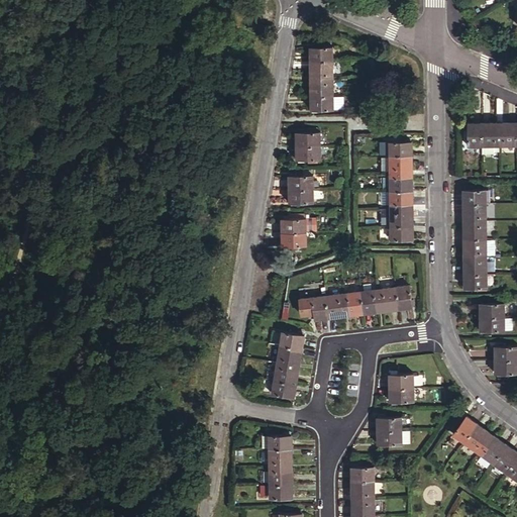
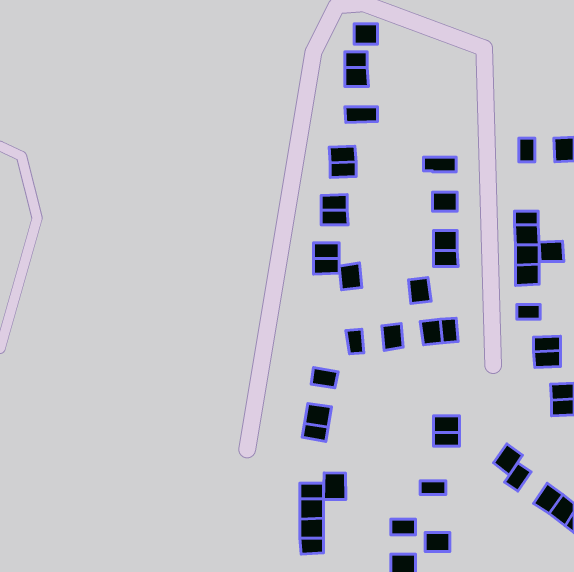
building: [310,80,331,98] -> [354,24,378,44]
building: [481,126,499,147] -> none
building: [381,157,411,176] -> none
building: [389,192,411,209] -> none
building: [463,257,486,276] -> [539,241,564,261]
building: [360,291,381,314] -> [409,278,431,303]
building: [325,295,345,319] -> [339,263,362,290]
building: [277,347,301,368] -> none
building: [377,418,401,434] -> none
building: [466,426,492,454] -> [493,444,523,475]
building: none -> [324,473,346,499]
building: [351,483,374,500] -> [425,532,450,552]

